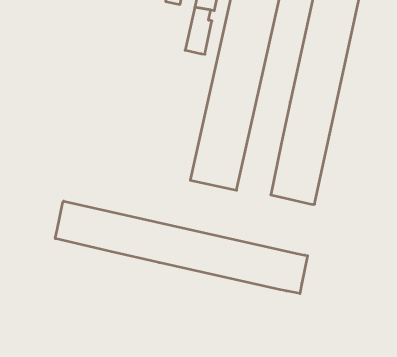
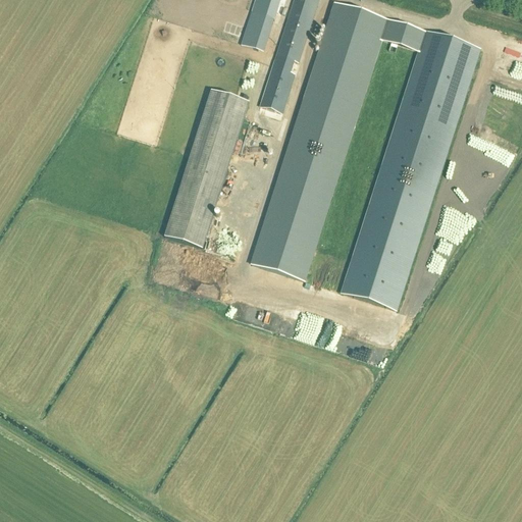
building: none -> [162,88,249,246]
building: [55,201,308,294] -> none

